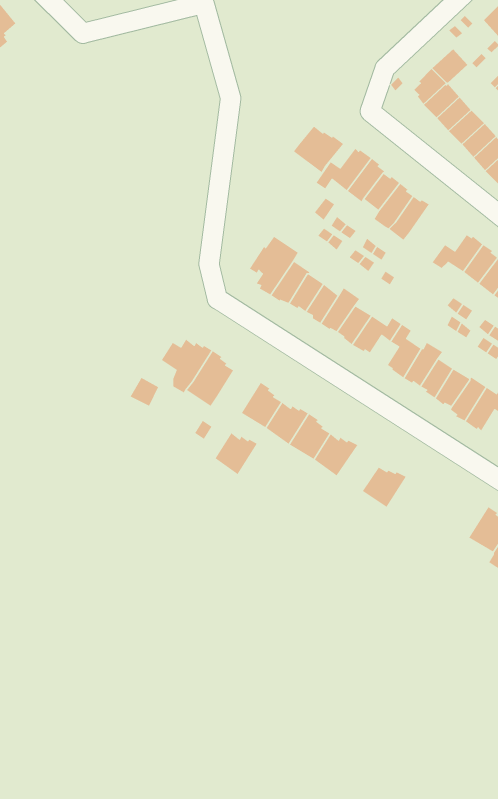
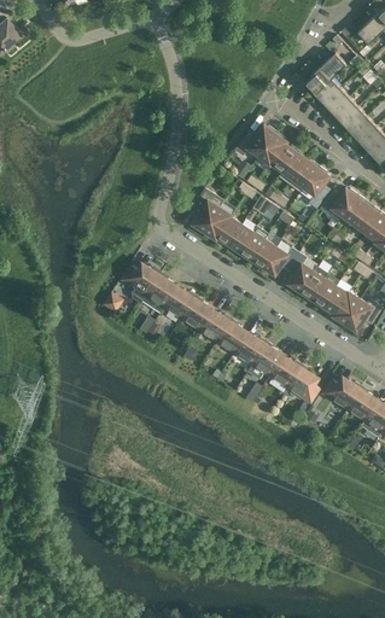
building: [293,125,344,173] -> none
building: none -> [304,165,329,208]
building: [215,432,258,475] -> [164,286,196,317]
building: none -> [246,340,281,379]
building: none -> [287,363,319,402]
building: none -> [323,377,361,408]

